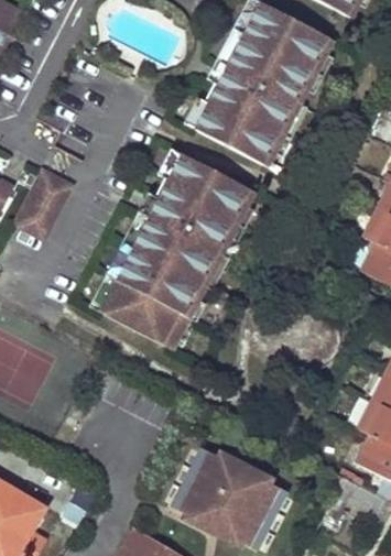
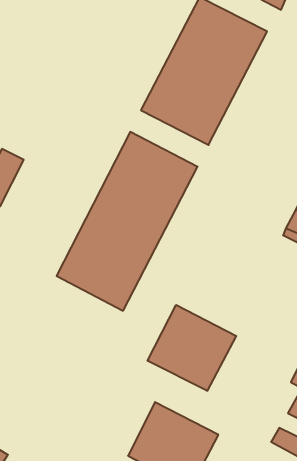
building: none -> [148,305,236,391]

